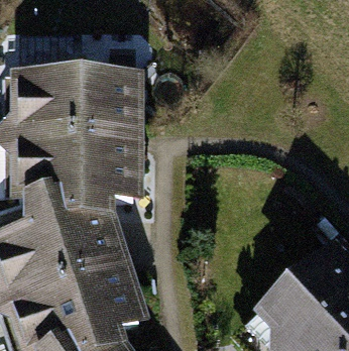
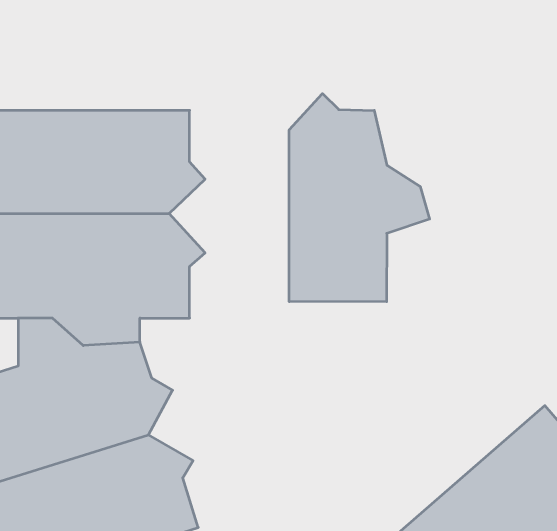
building: none -> [289,94,430,302]

